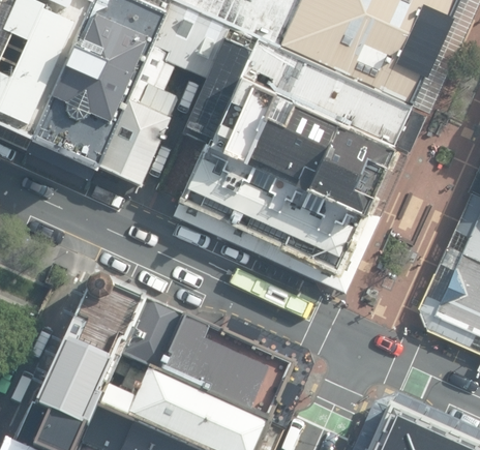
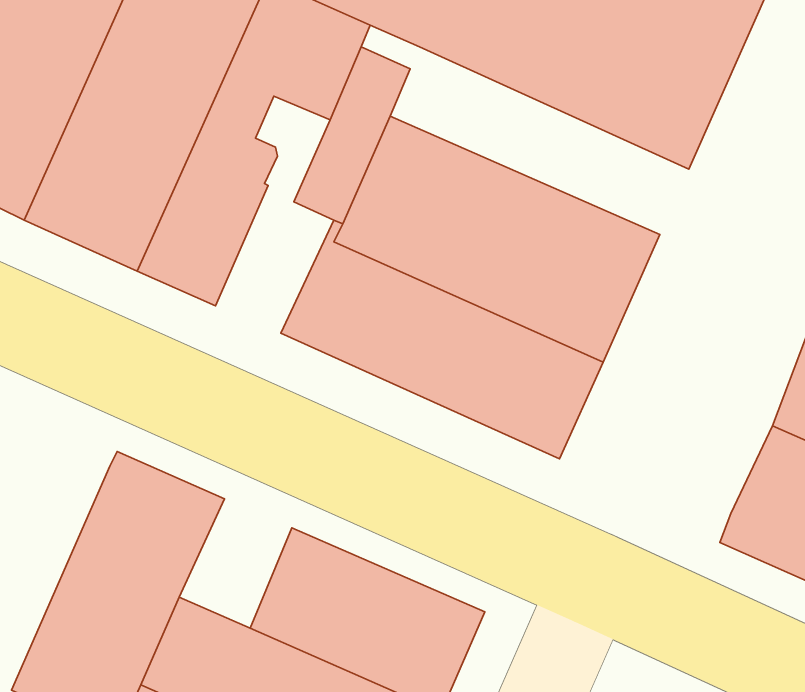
building: [240,42,410,149] -> none
building: [120,299,184,372] -> none

